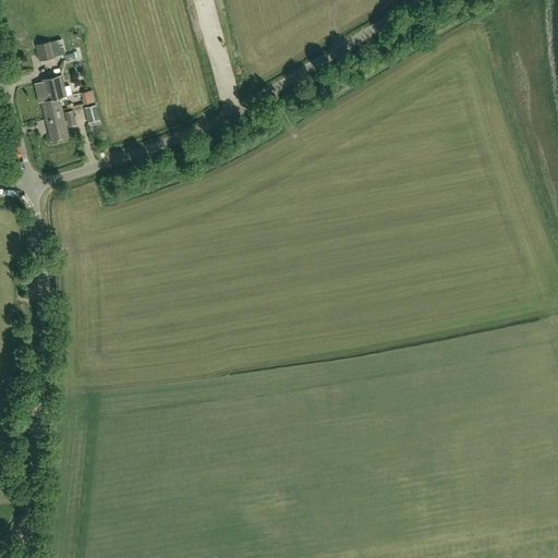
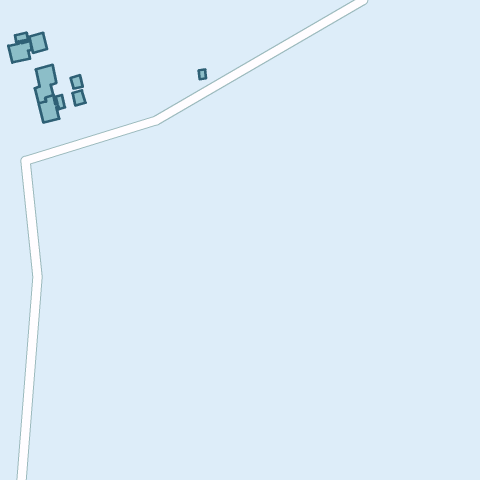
building: none -> [8,33,32,63]

